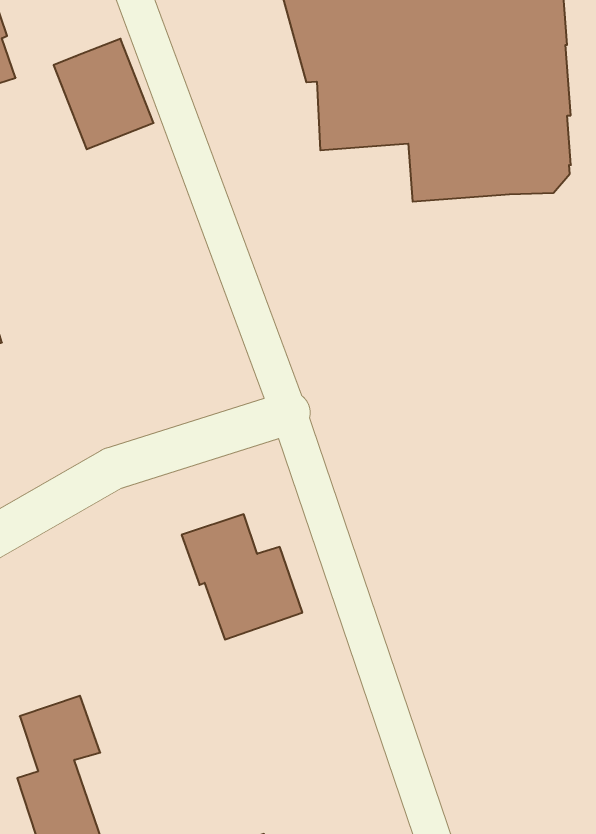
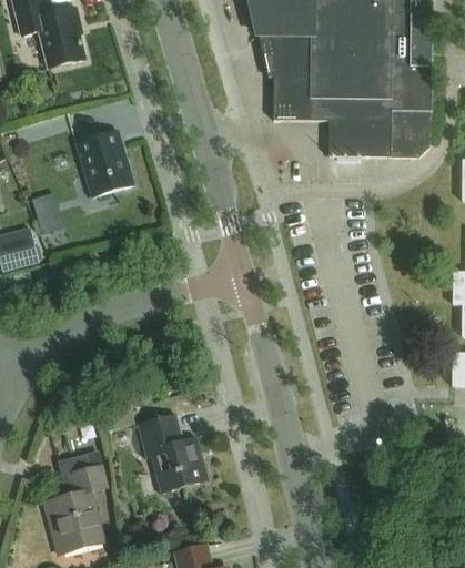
building: [54,39,154,149] -> [74,129,134,196]
building: [182,514,302,640] -> [135,414,208,491]

